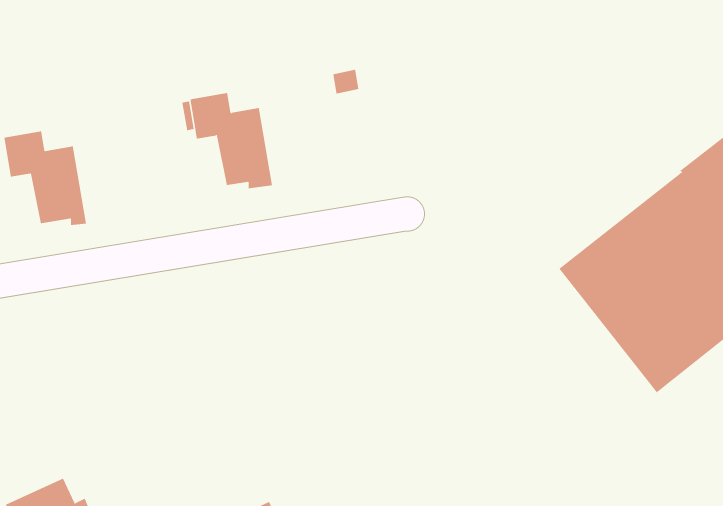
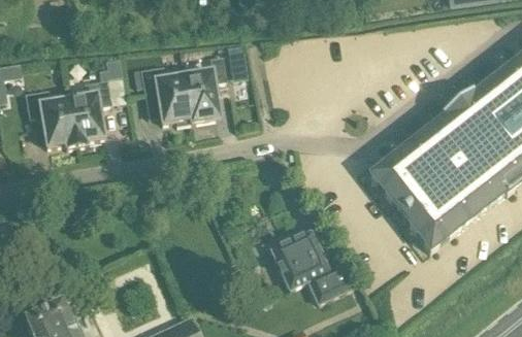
building: none -> [184,53,227,120]
building: none -> [68,76,111,143]
building: none -> [266,223,360,306]

